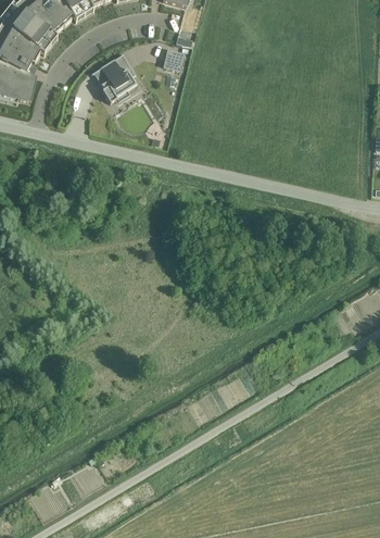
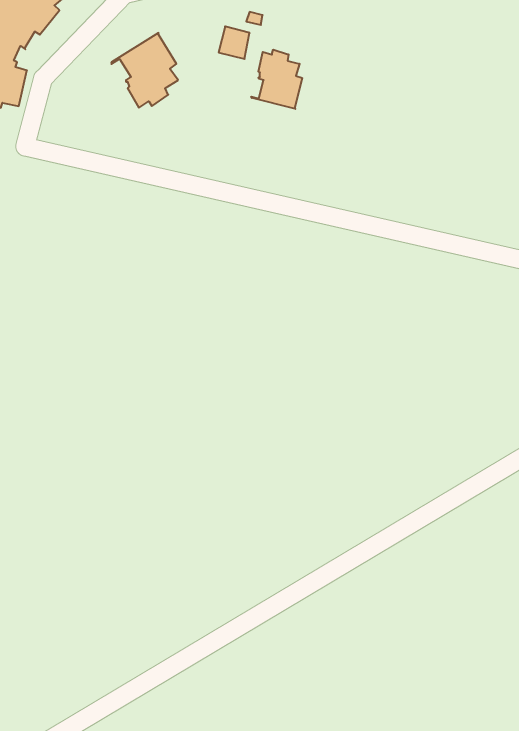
building: none -> [251,50,302,109]

